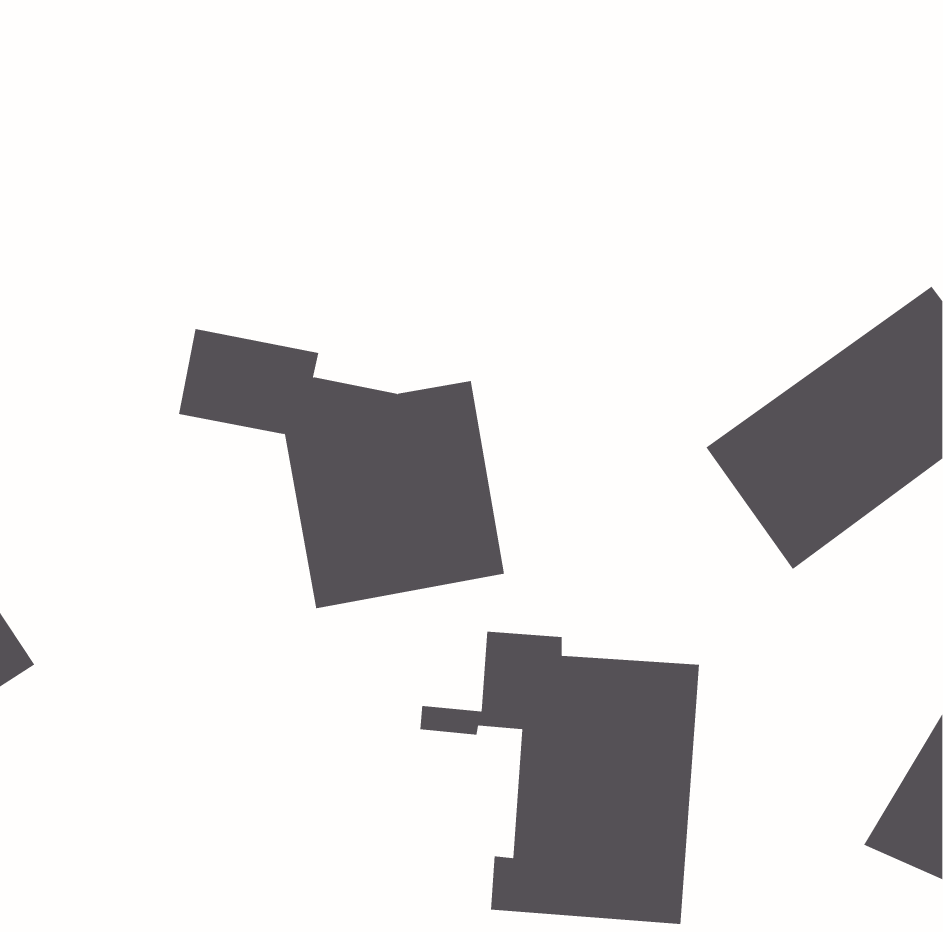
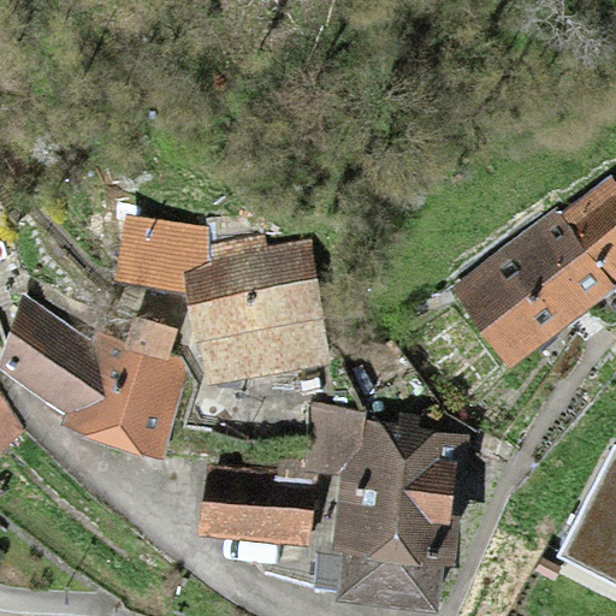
building: none -> [12,304,182,444]
building: none -> [207,469,309,527]

